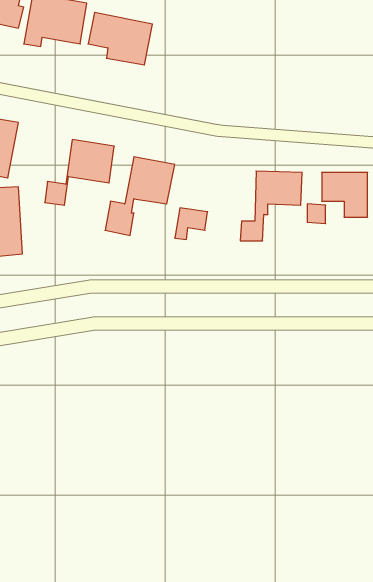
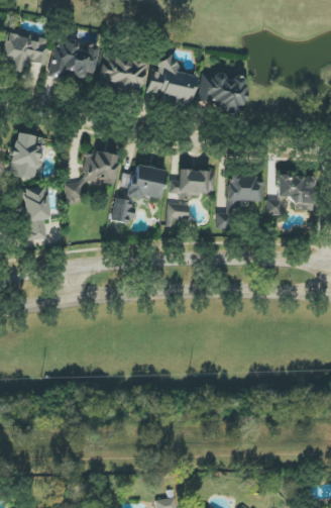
building: none -> [147,58,196,105]
building: none -> [199,74,246,113]
building: none -> [170,170,216,200]

